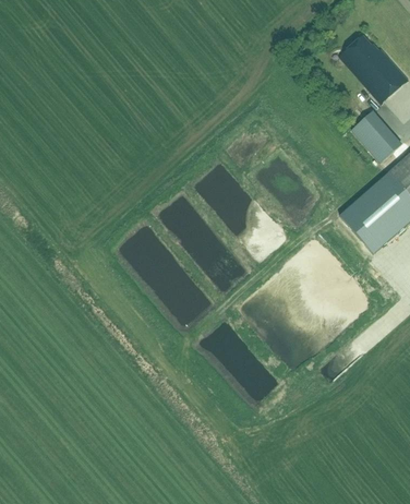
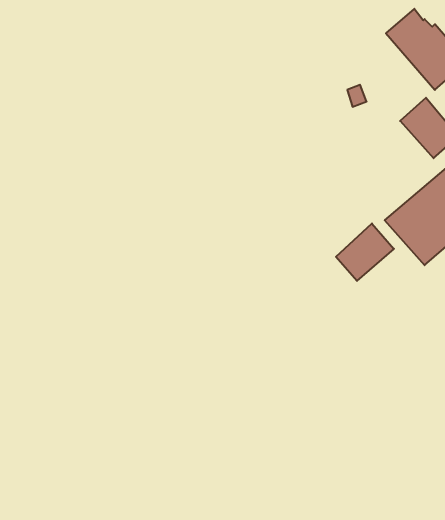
building: none -> [336,223,394,281]

